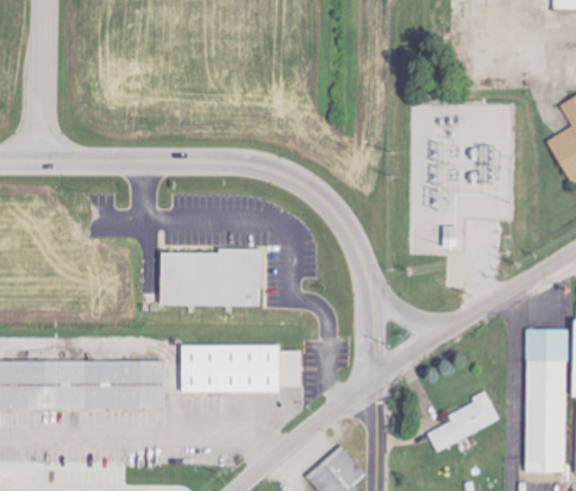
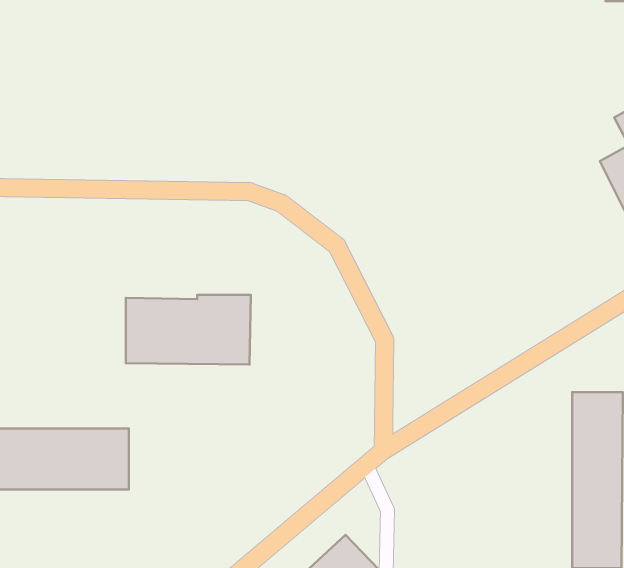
building: [181,345,302,394] -> none
building: [428,391,501,451] -> none

